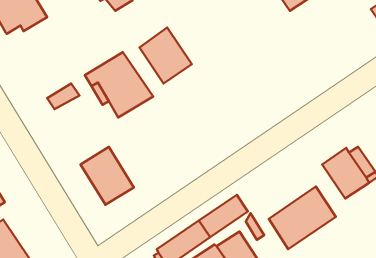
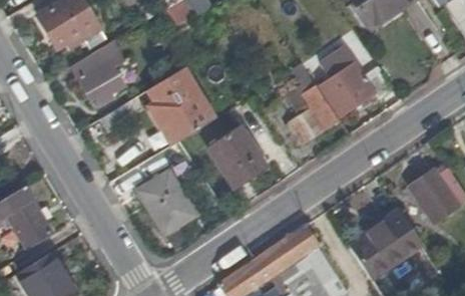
building: [139,27,192,83] -> [208,128,266,190]
building: none -> [77,45,126,100]
building: none -> [321,56,395,115]
building: none -> [288,87,337,142]

